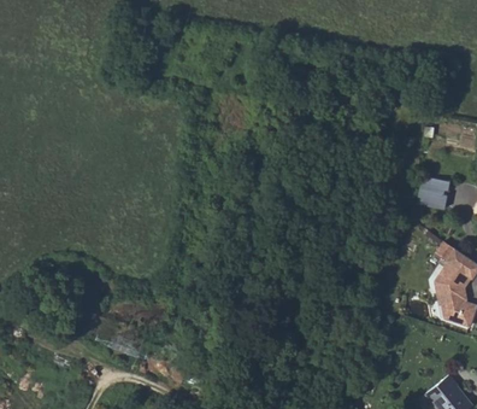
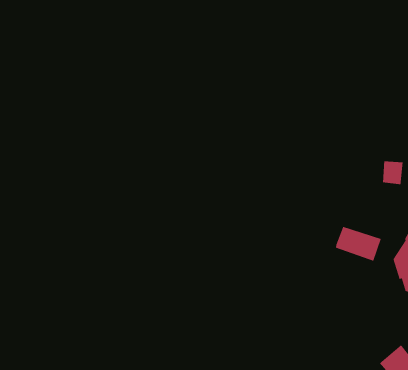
building: none -> [335,226,382,262]

